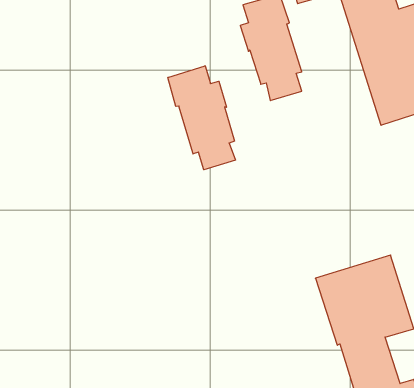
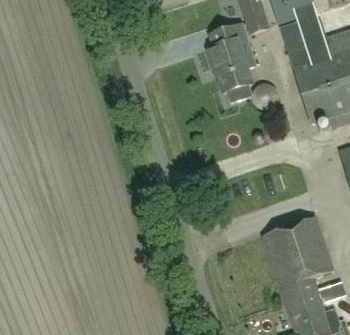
building: [168,66,236,170] -> none

